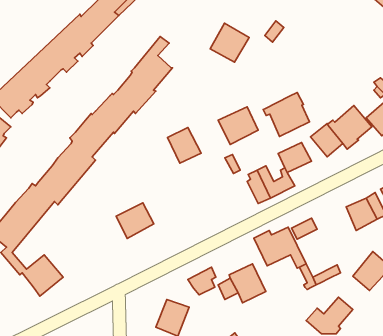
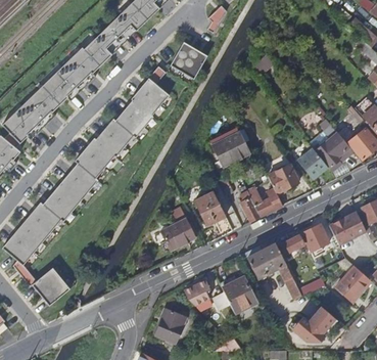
building: [210,23,249,62] -> [169,42,204,78]
building: [263,92,310,136] -> none
building: [168,128,201,163] -> [194,191,225,224]
building: [116,203,154,238] -> [159,217,194,250]
building: none -> [300,224,328,251]

